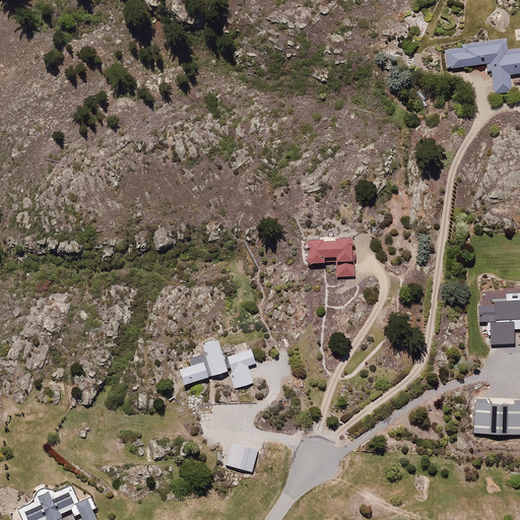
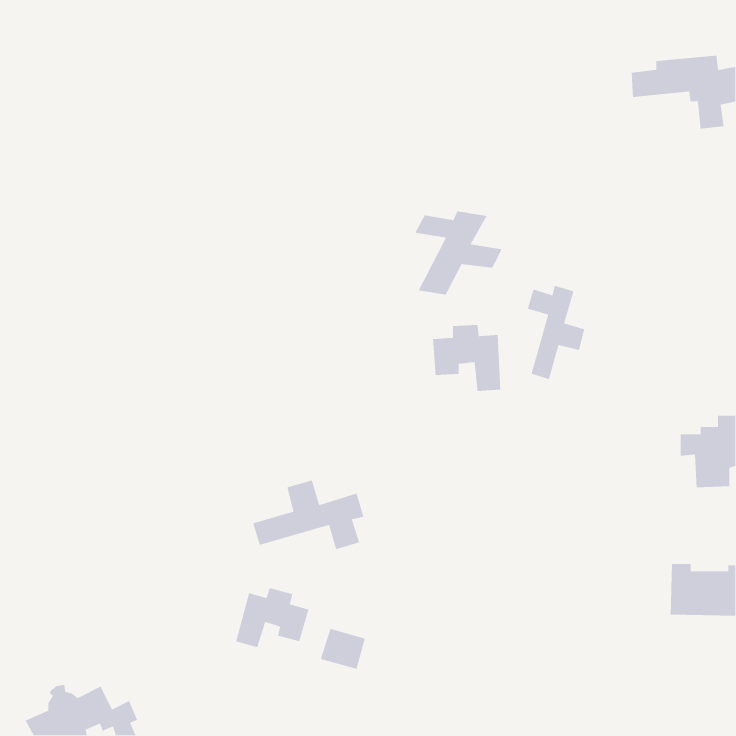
building: none -> [414,211,503,295]
building: none -> [527,285,585,380]
building: none -> [235,587,309,648]

